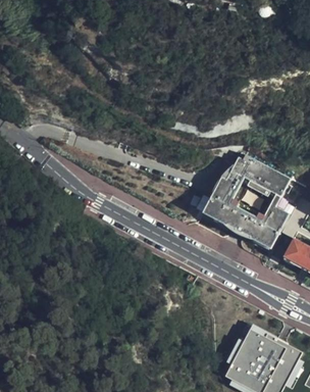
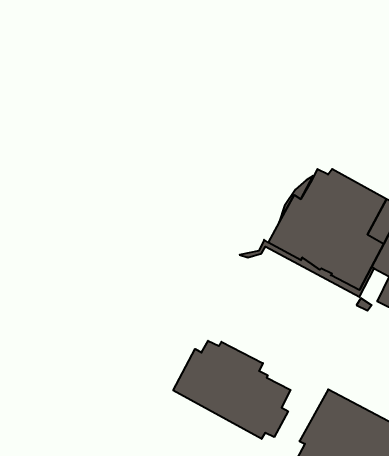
building: none -> [173,341,291,439]

